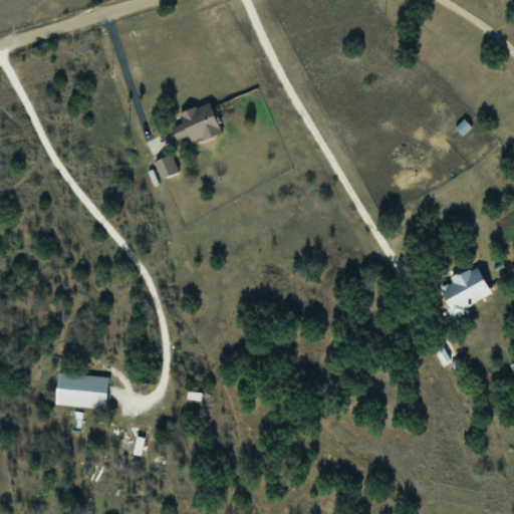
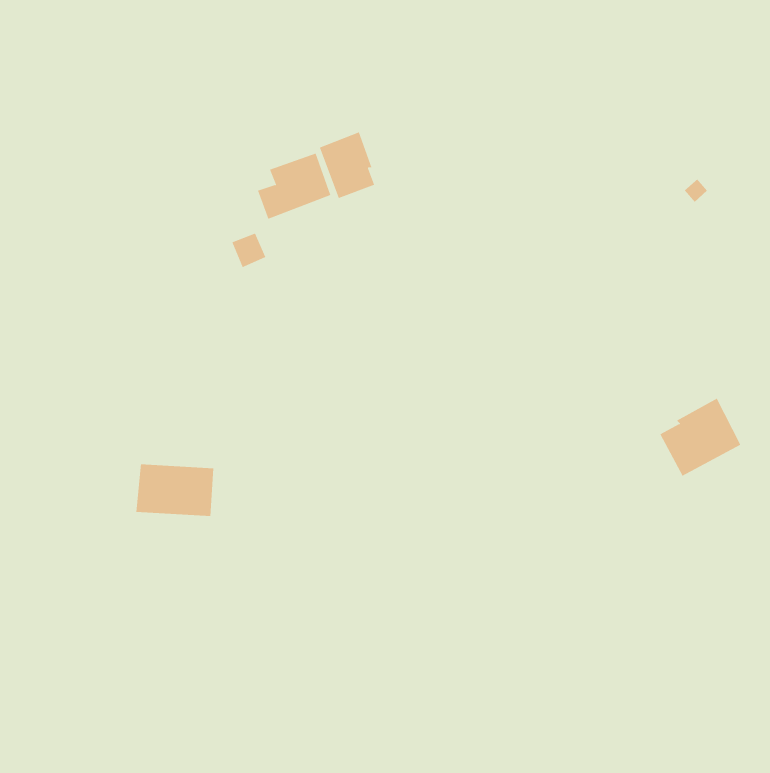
building: none -> [319,132,375,199]
building: [55,373,107,409] -> [136,464,214,517]

